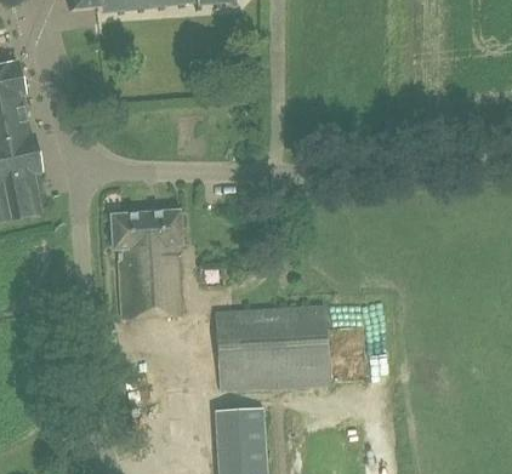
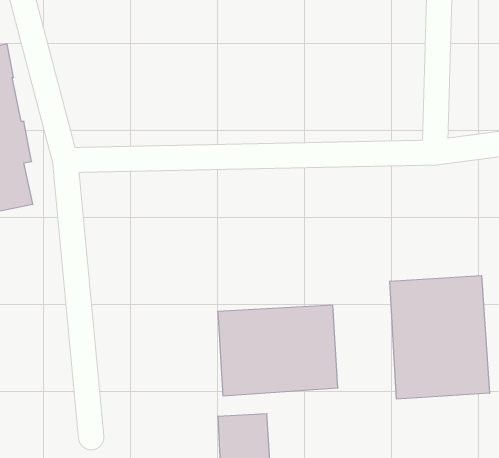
building: [112,210,183,318] -> none
building: none -> [390,276,490,399]

